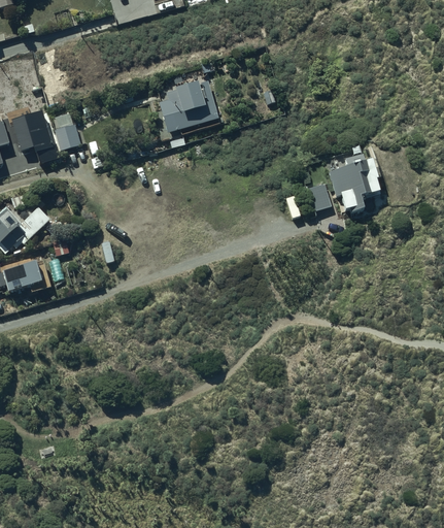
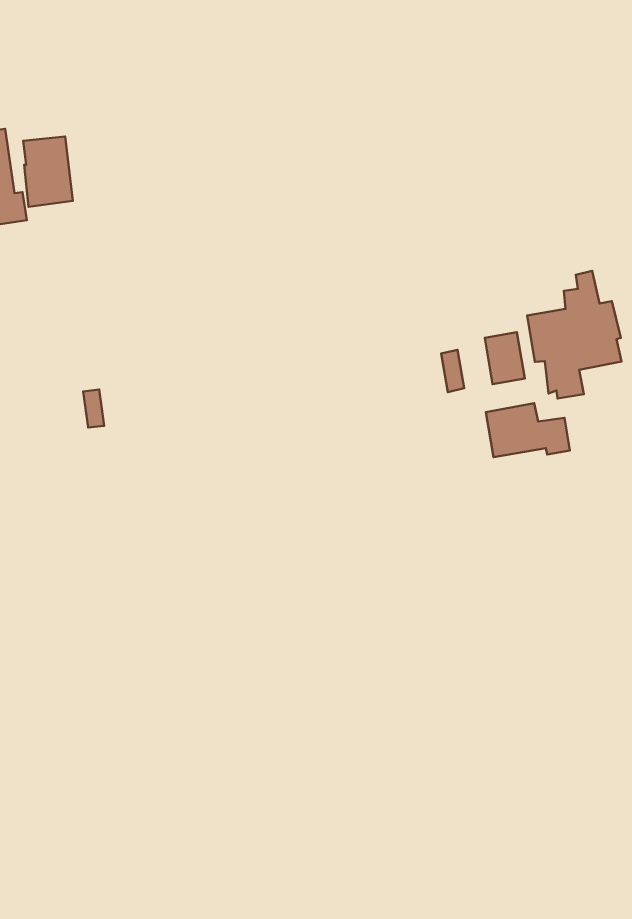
building: [156,79,219,133] -> none
building: none -> [486,403,570,457]

